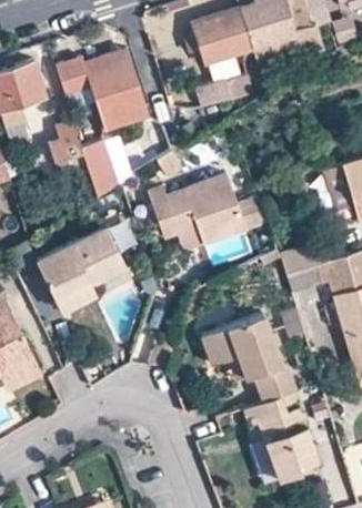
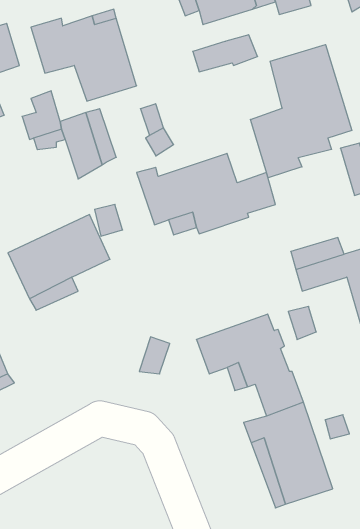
building: none -> [250,45,352,178]

